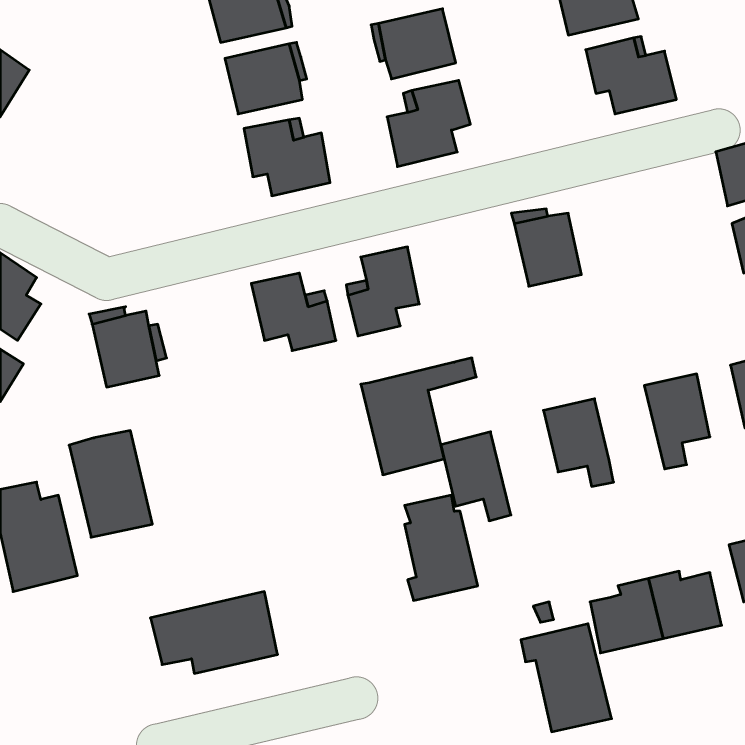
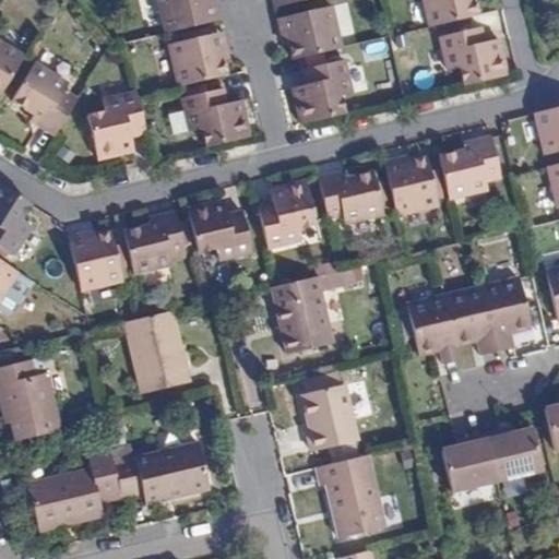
building: none -> [13,62,76,135]
building: none -> [86,88,144,155]
building: none -> [439,136,501,199]
building: none -> [318,174,381,225]
building: none -> [123,211,190,274]
building: [69,431,152,537] -> [126,311,188,391]
building: [441,432,511,521] -> [445,288,498,355]
building: none -> [26,450,122,530]
building: [521,624,612,732] -> [316,455,383,536]

